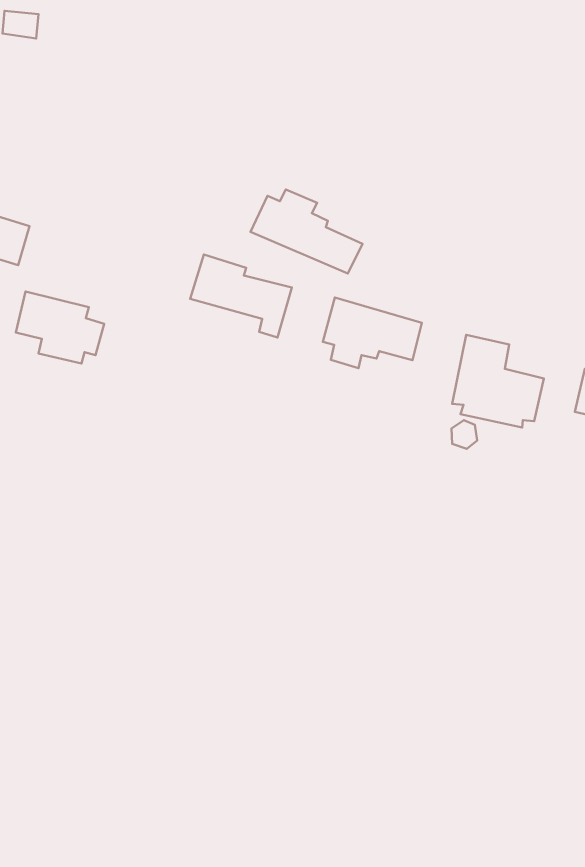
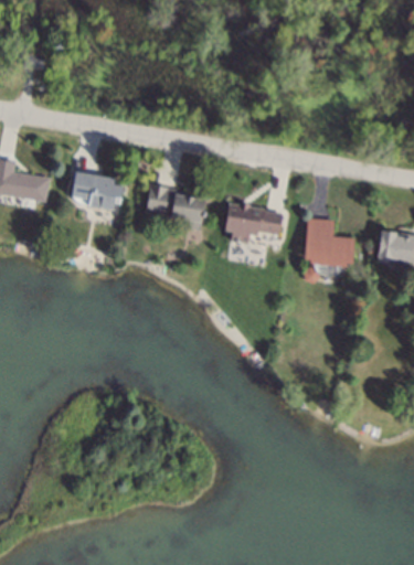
building: [251,190,362,274] -> none
building: [16,291,104,363] -> [74,172,125,211]

